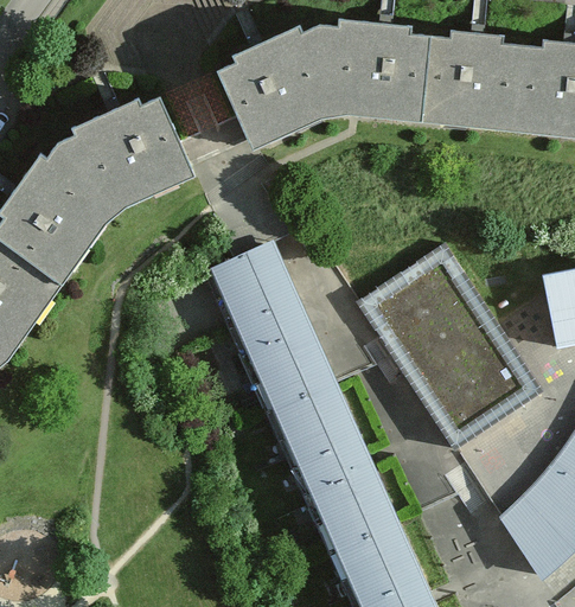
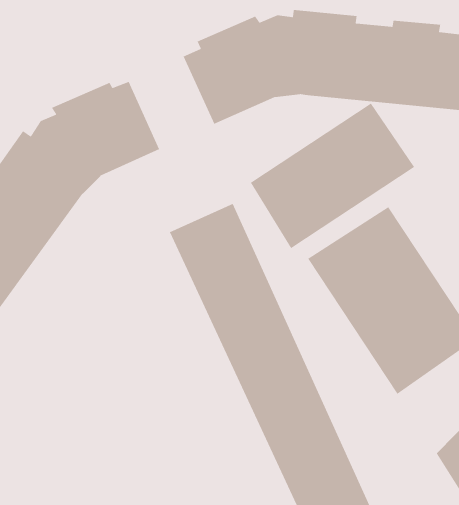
building: none -> [250,103,415,249]

